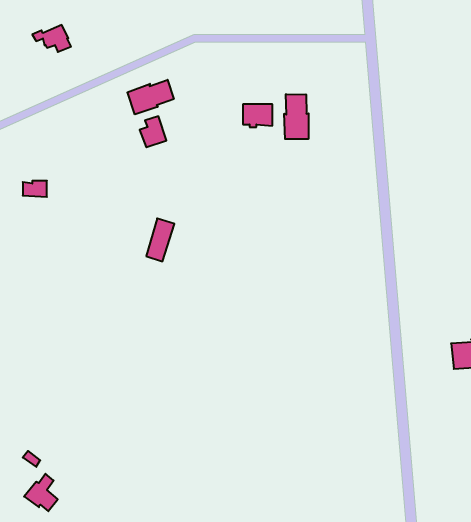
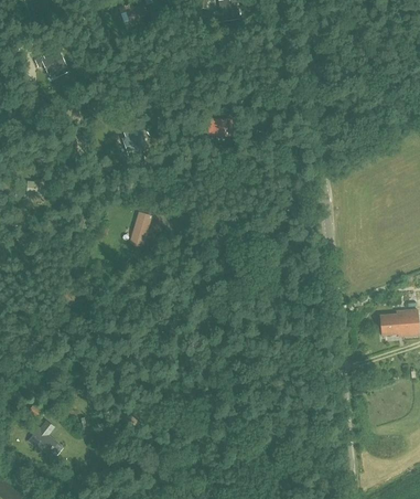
building: [127,80,174,114] -> none
building: [284,94,309,139] -> none

